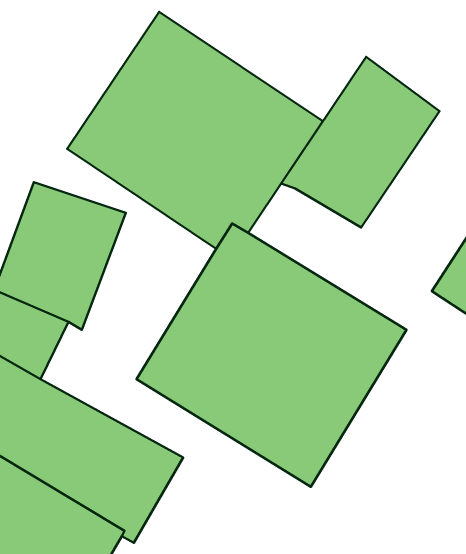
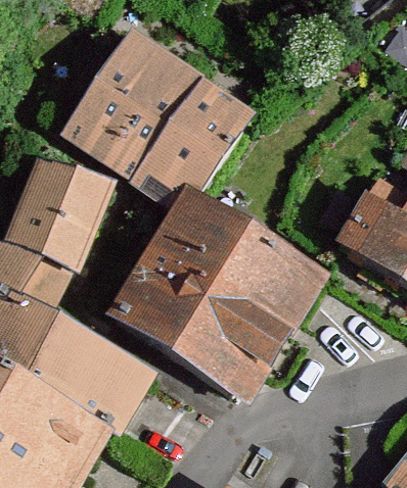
building: [281,57,440,227] -> none

